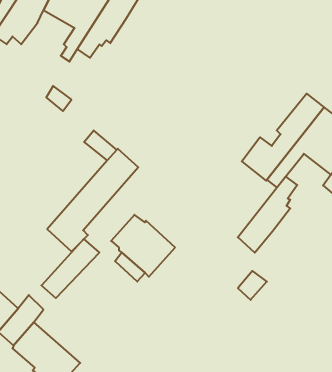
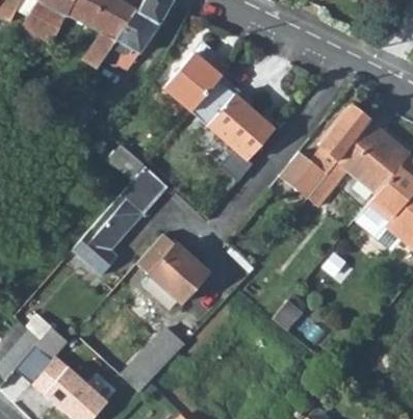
building: none -> [162,44,229,113]
building: none -> [207,95,276,161]
building: [238,177,297,253] -> none
building: [41,239,99,298] -> [127,326,189,390]

